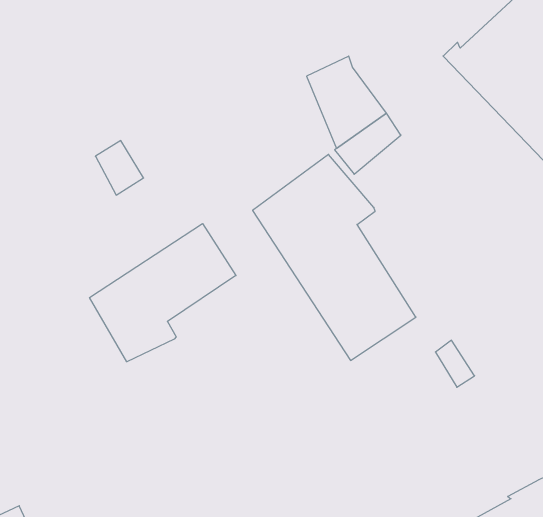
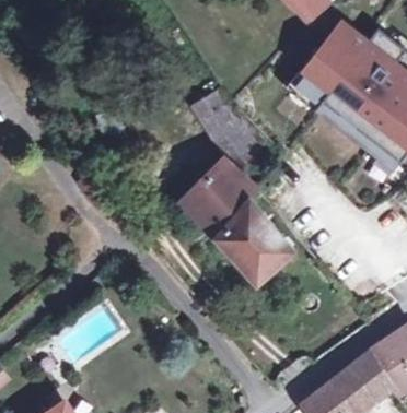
building: [90,224,236,362] -> none

